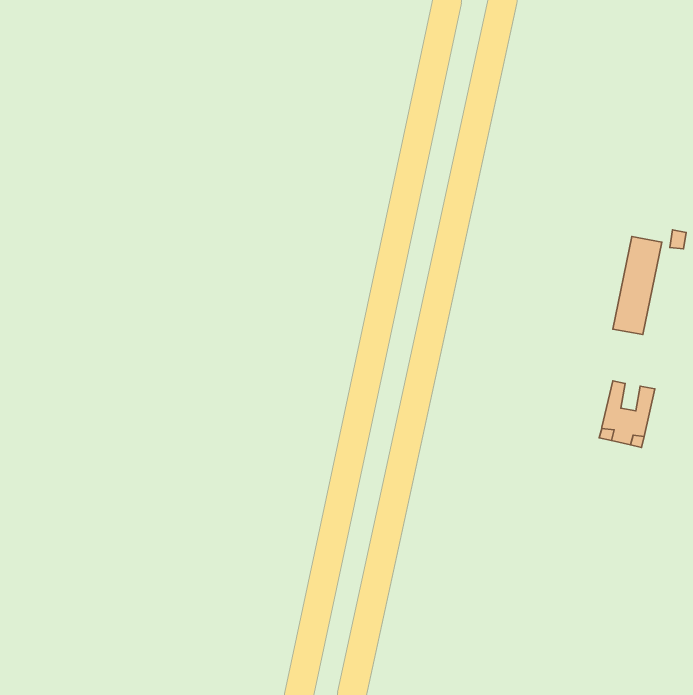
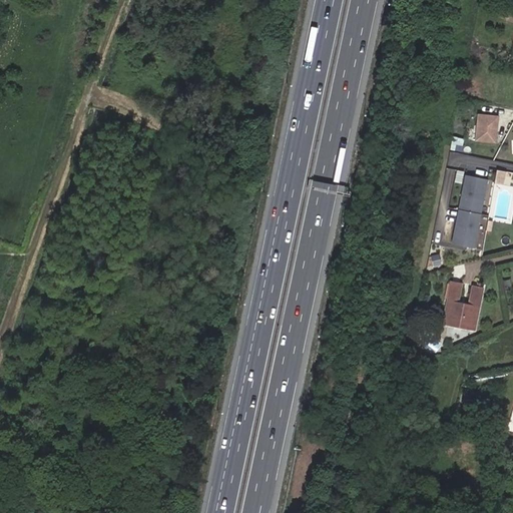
building: none -> [475,114,498,142]

